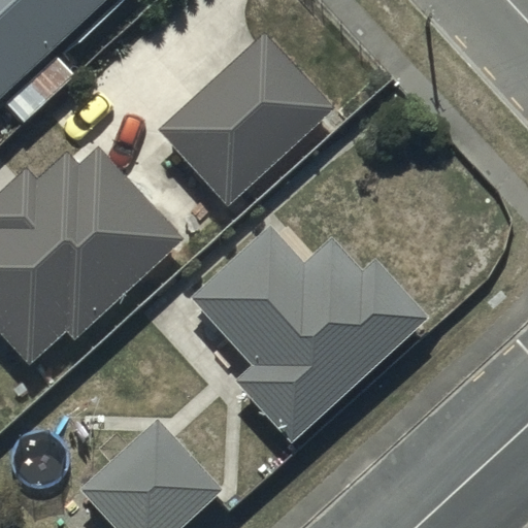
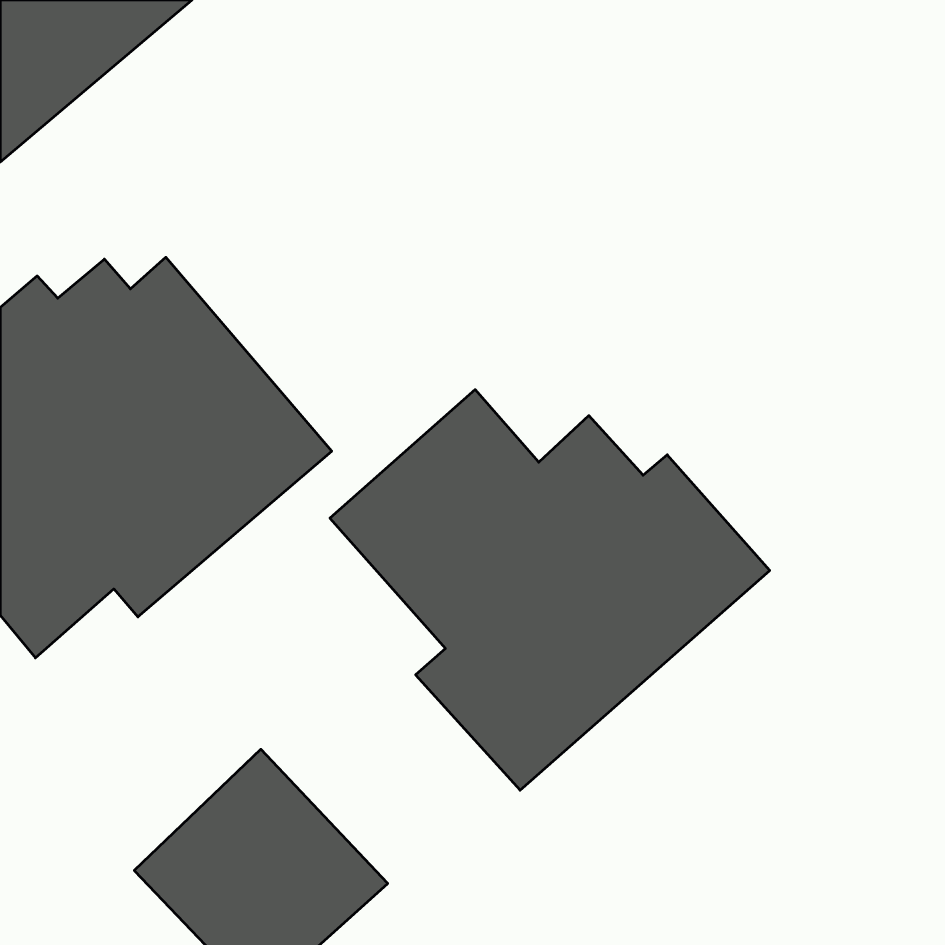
building: [156,32,335,206] -> none

